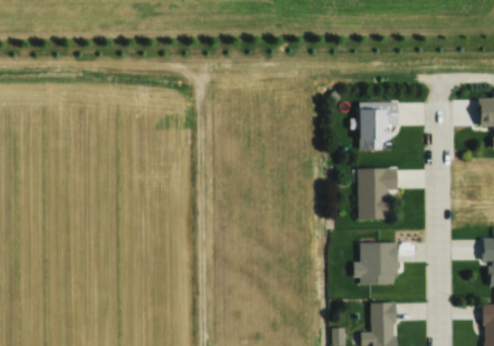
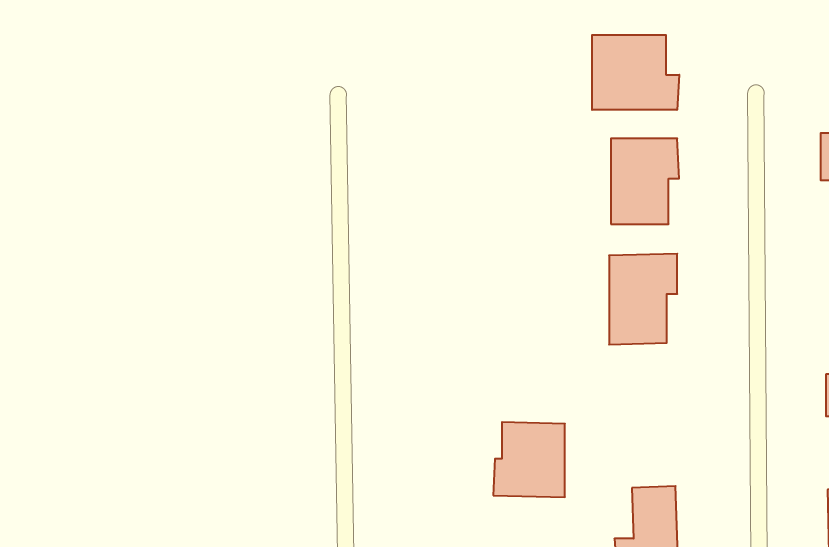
building: none -> [592,35,679,110]
building: [355,242,397,285] -> [493,422,565,497]

